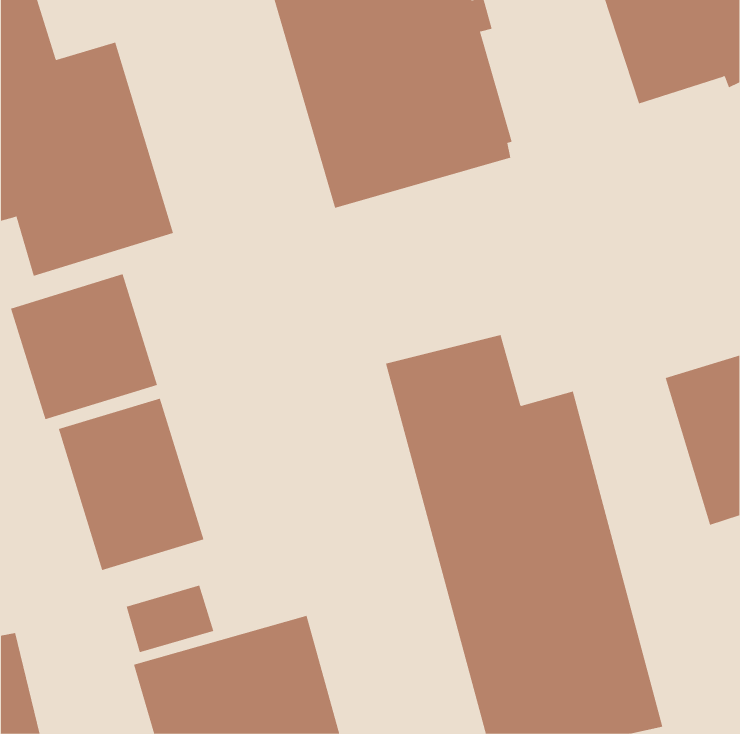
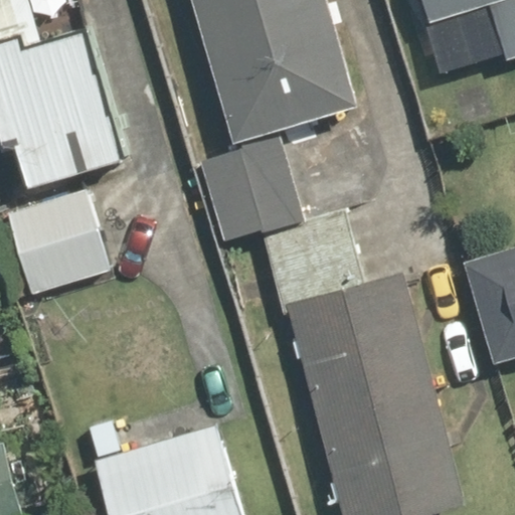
building: none -> [208,149,300,237]
building: [58,398,204,571] -> none

